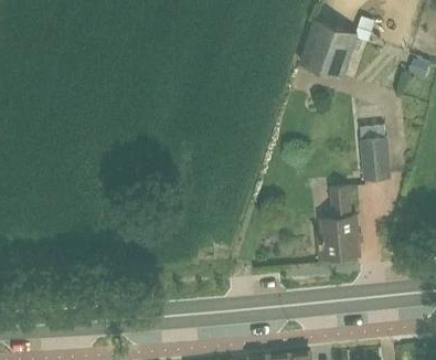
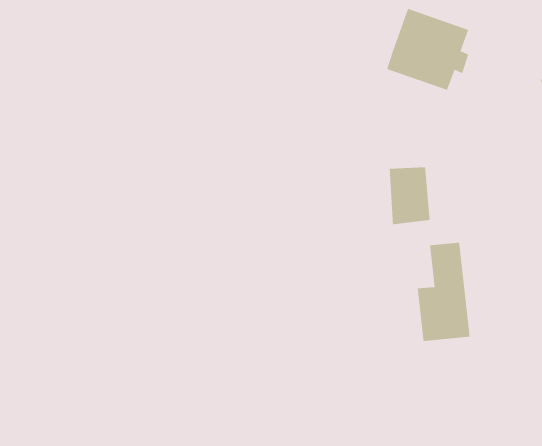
building: [360,139,390,181] -> [389,167,431,225]

